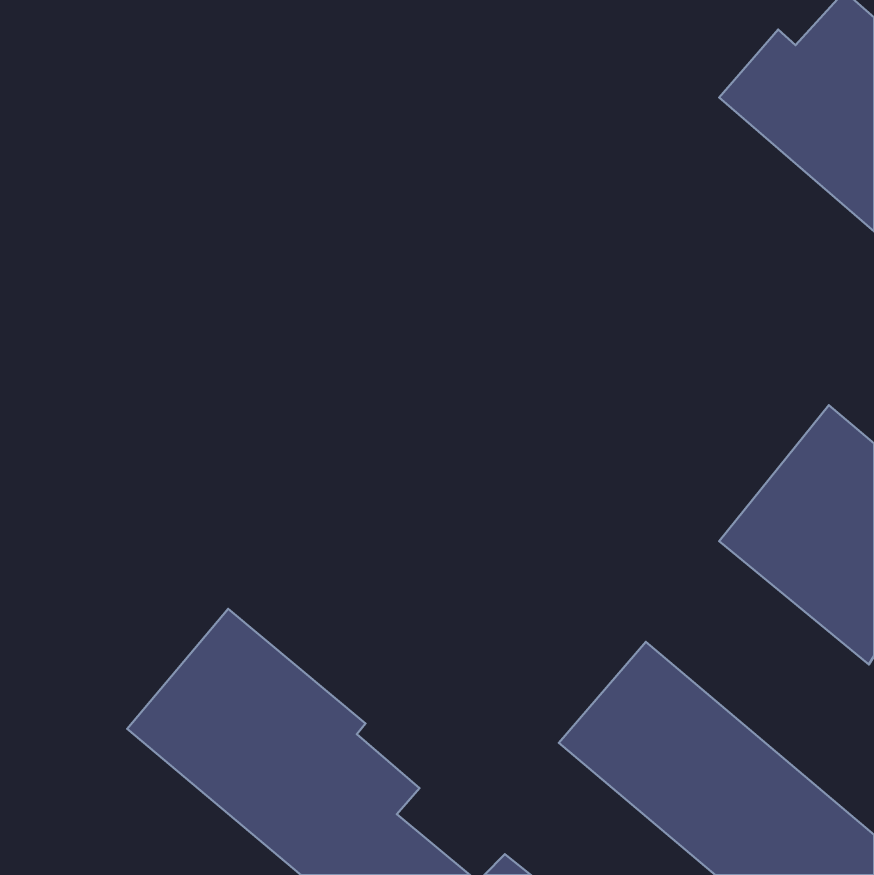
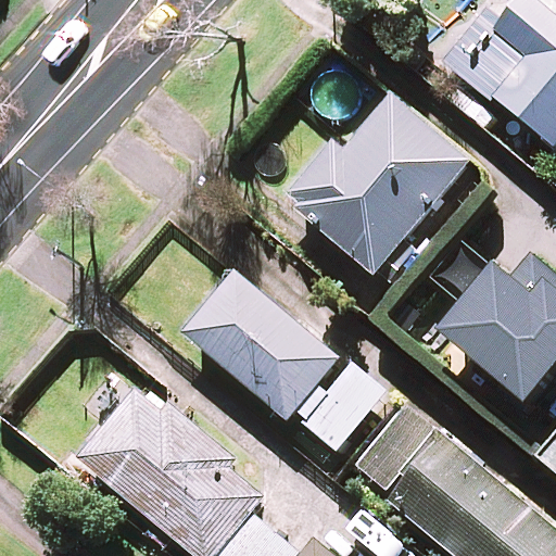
building: none -> [286,93,471,274]
building: none -> [187,274,383,453]

